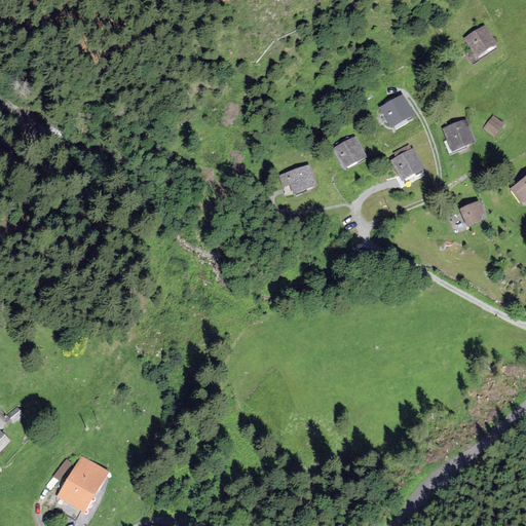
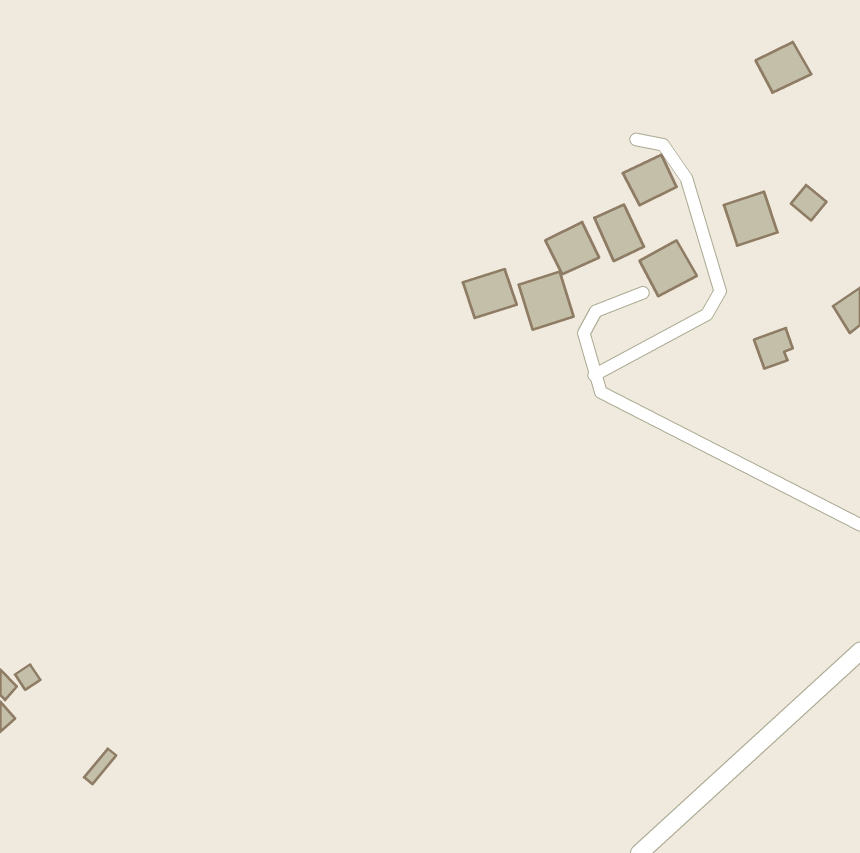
building: none -> [594,205,644,261]
building: none -> [519,272,573,330]
building: [57,454,109,513] -> none

